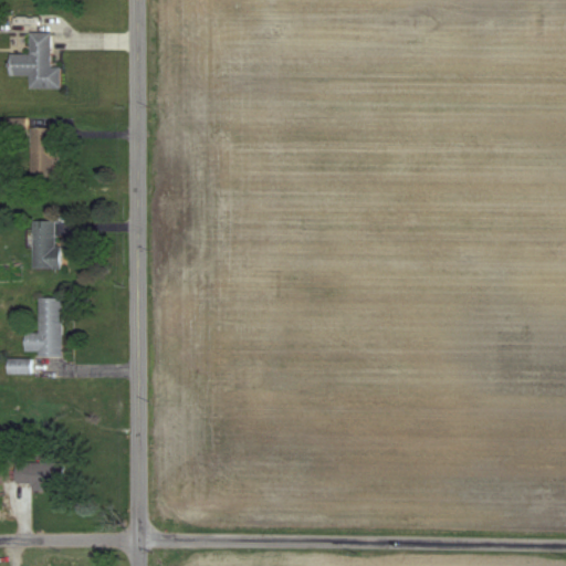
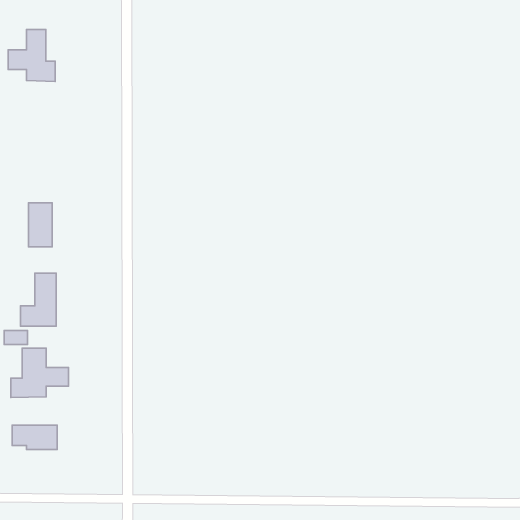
building: [29,126,59,179] -> none
building: none -> [11,348,69,398]

